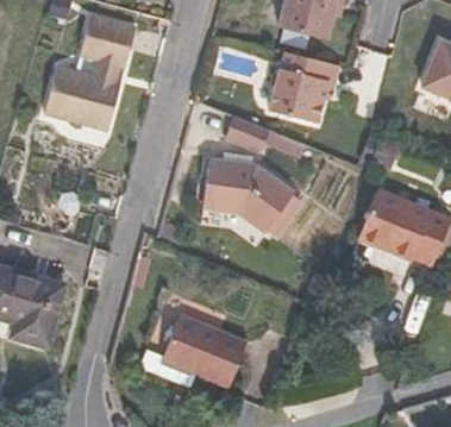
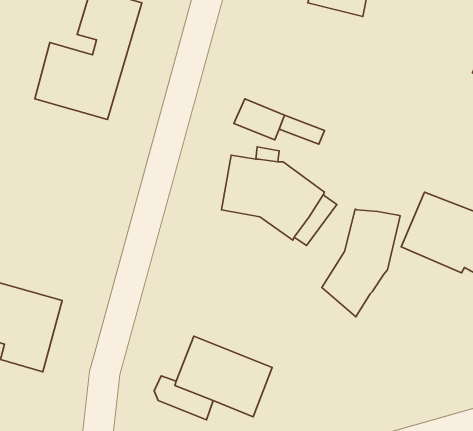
building: [269,54,338,124] -> none
building: none -> [322,209,400,317]

